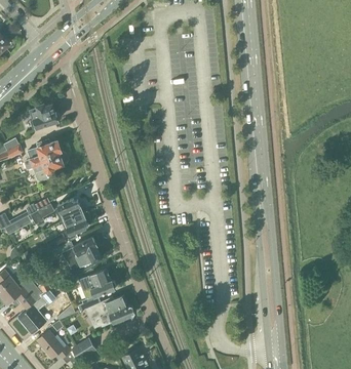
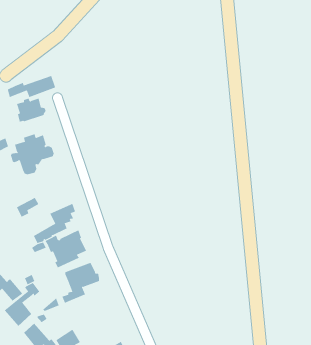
building: none -> [7,75,56,98]
building: [57,197,87,219] -> none
building: [86,291,133,325] -> none

